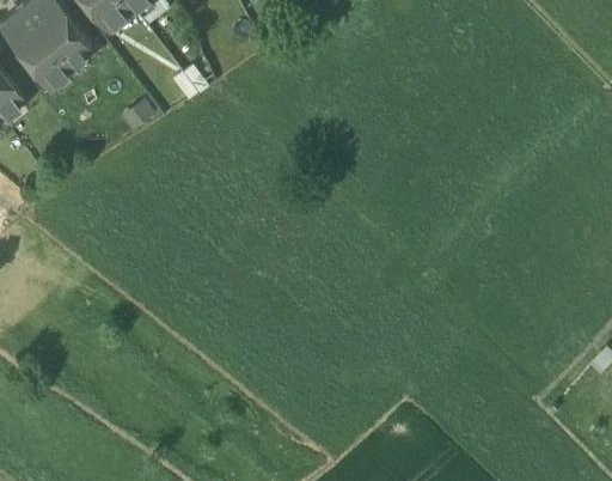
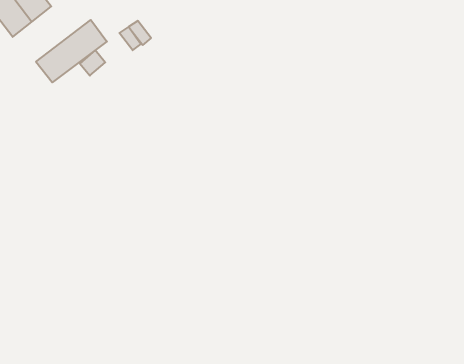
building: none -> [36,20,107,82]

